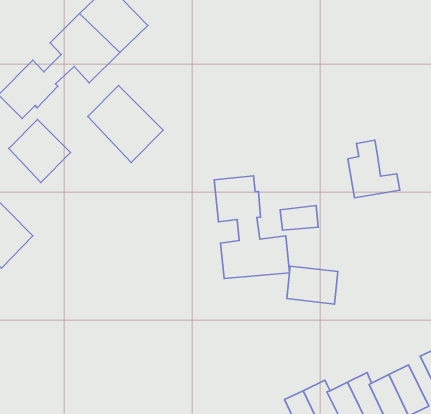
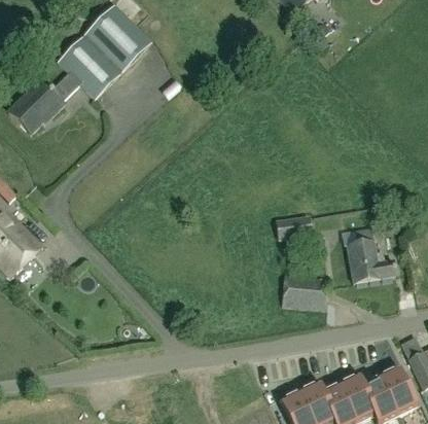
building: [88,86,163,163] -> none
building: [9,120,71,183] -> none
building: [348,140,400,198] -> [347,227,396,282]
building: [214,176,289,279] -> none

